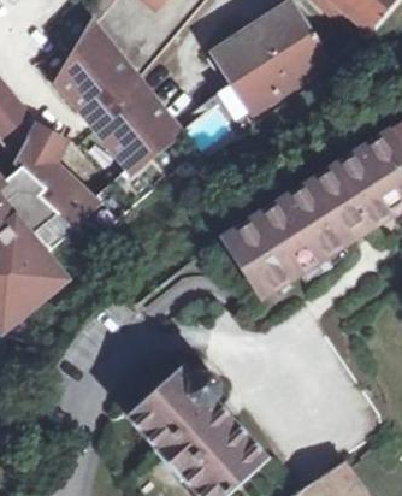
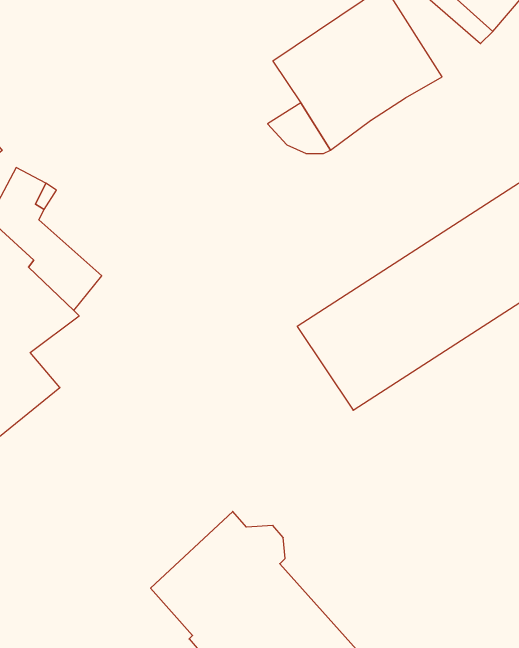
building: [57,20,179,173] -> none

